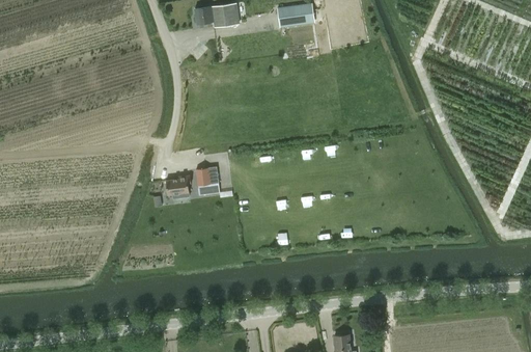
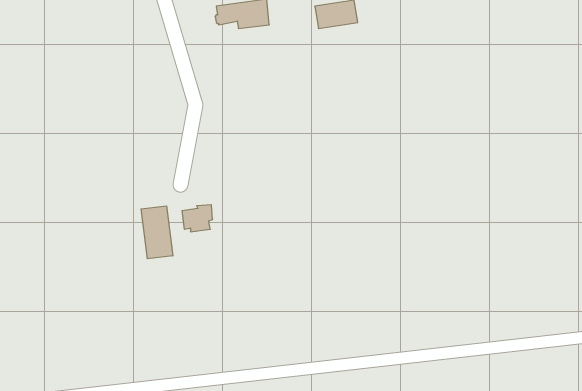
building: [194,166,219,195] -> none
building: none -> [141,206,173,259]

